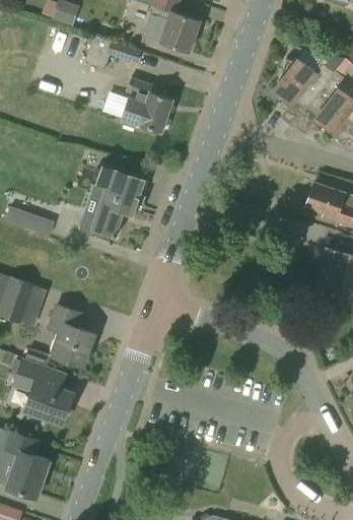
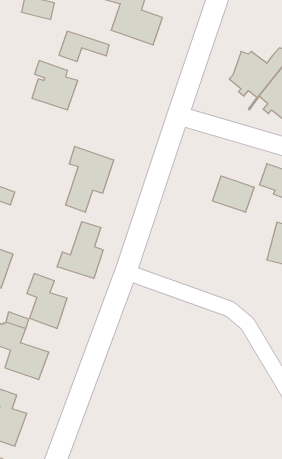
building: [123,76,173,131] -> [32,61,78,110]
building: none -> [212,176,254,212]
building: none -> [57,222,103,279]

